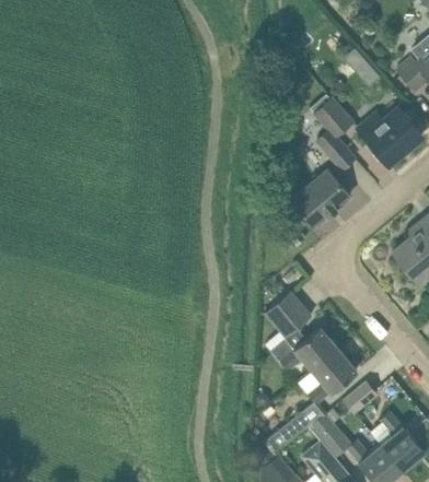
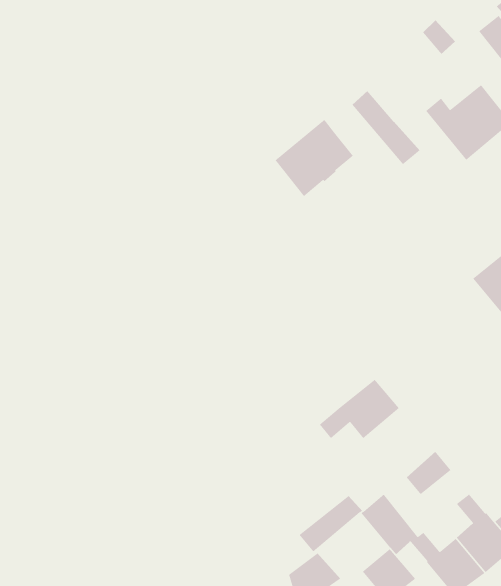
building: [314,98,350,136] -> none
building: [290,169,349,227] -> [274,119,354,197]
building: [265,291,311,338] -> none
building: [306,349,357,404] -> none

